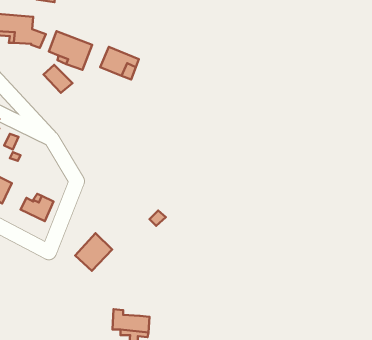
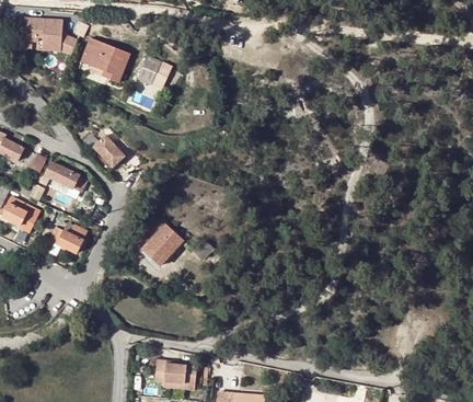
building: [44,65,73,93] -> [94,138,127,170]
building: none -> [45,162,86,192]
building: [75,233,112,271] -> [141,222,183,265]

